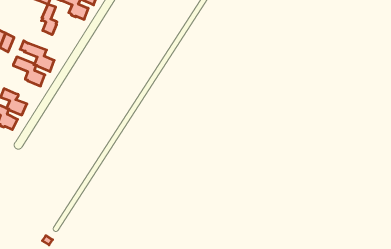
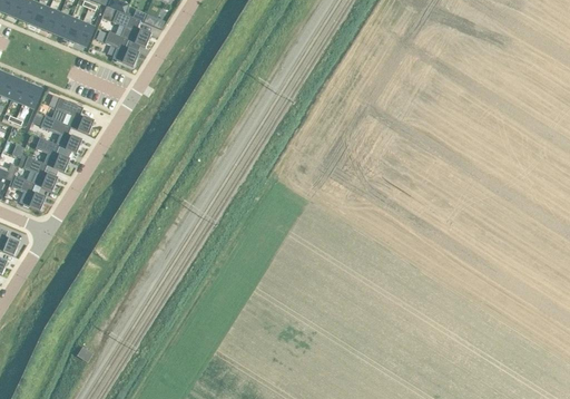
building: [41,4,57,35] -> none
building: none -> [35,135,69,171]

